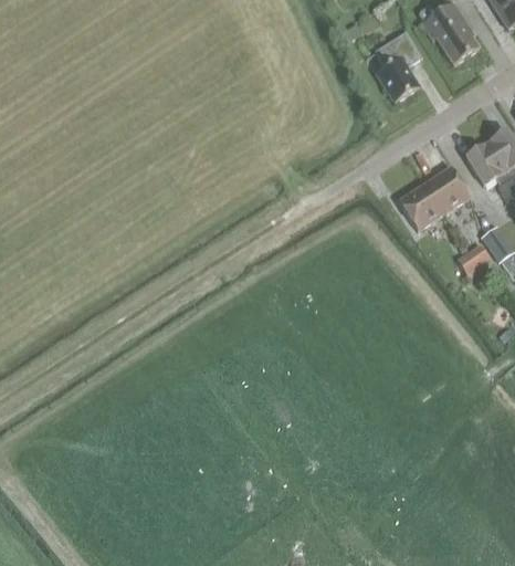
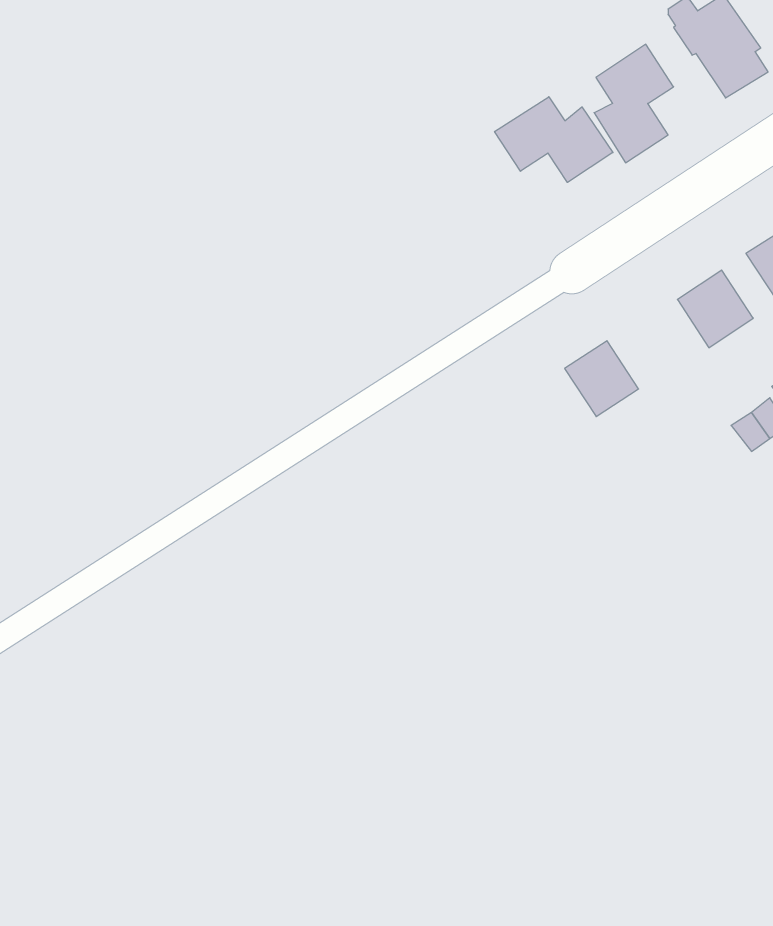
building: none -> [495,97,613,182]
building: [398,184,442,229] -> [565,341,639,417]

